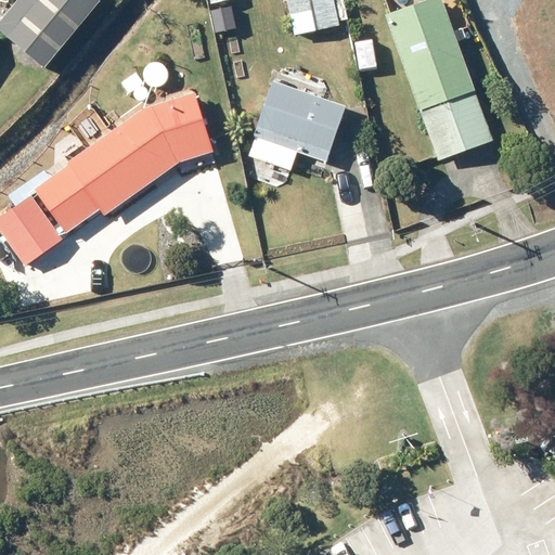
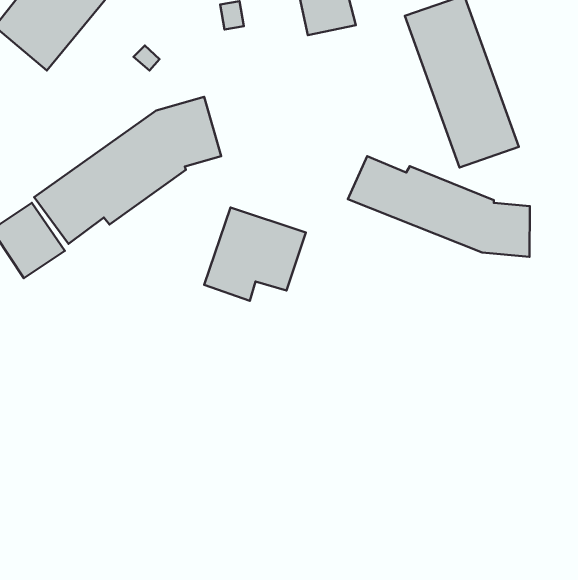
building: [247,80,344,169] -> [204,207,306,301]
building: none -> [348,156,530,257]

